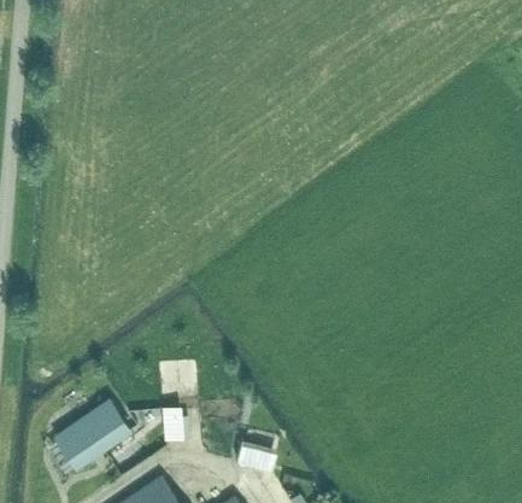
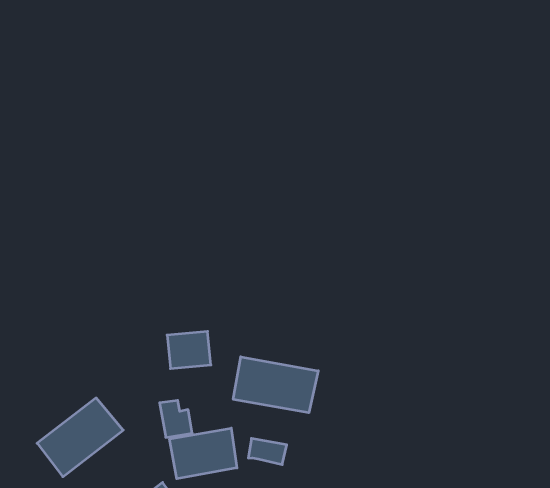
building: none -> [233,357,318,413]
building: none -> [170,428,237,479]

